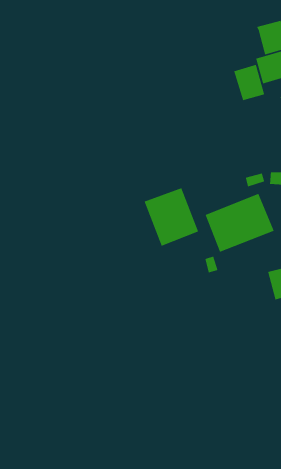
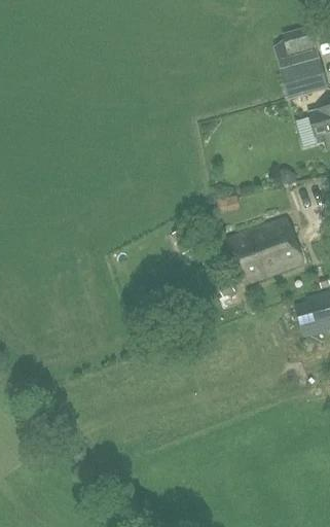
building: [233,64,265,101] -> none
building: [143,187,199,247] -> none

